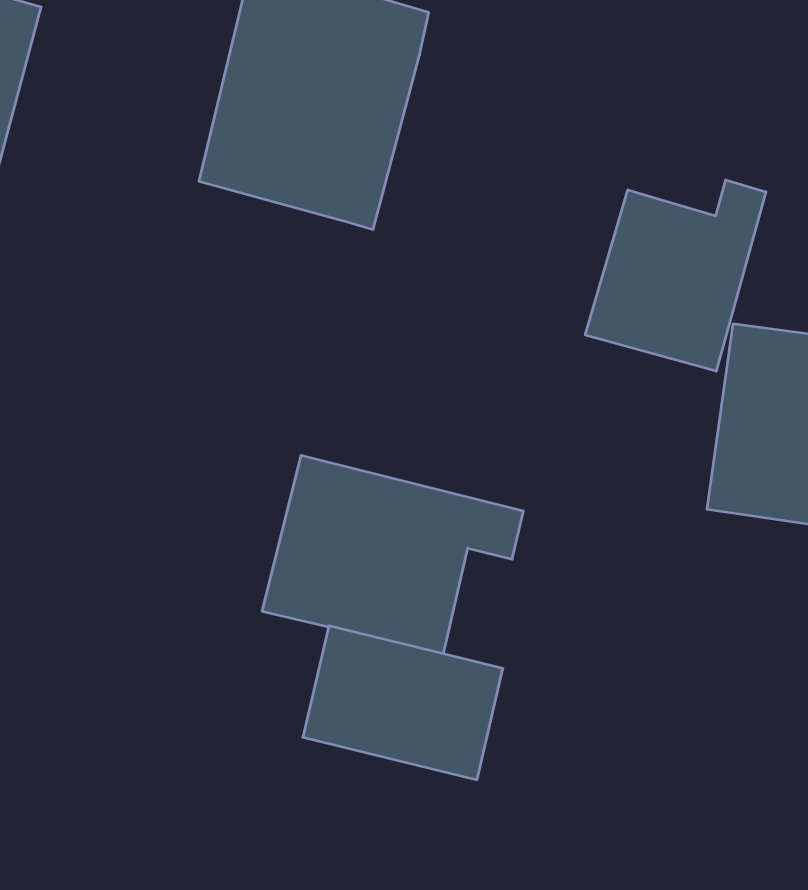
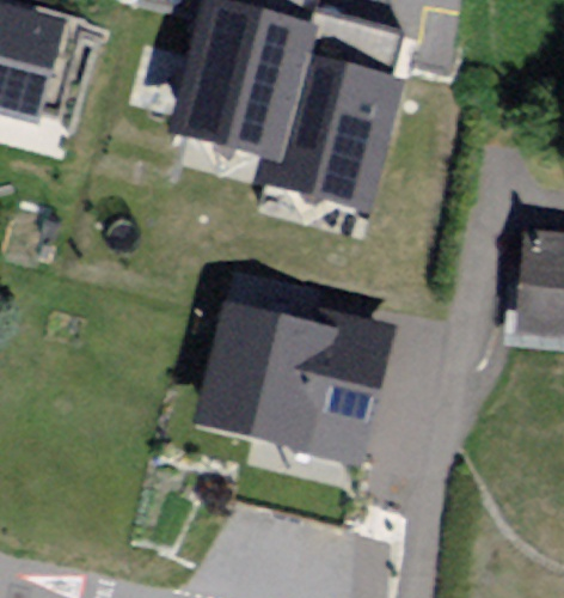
building: none -> [259,48,407,209]
building: [585,180,766,371] -> none

